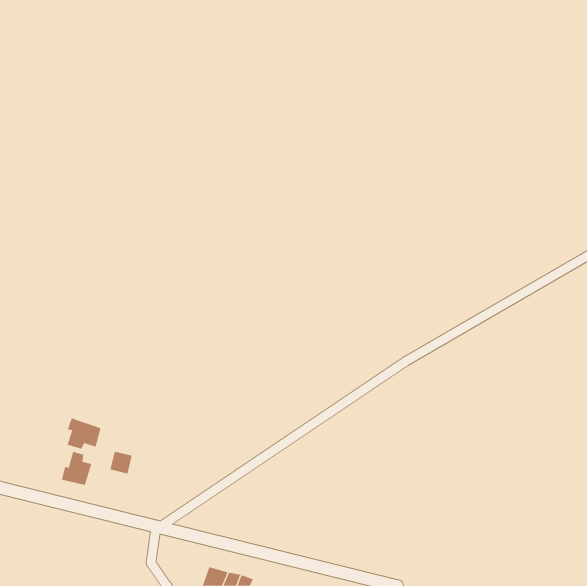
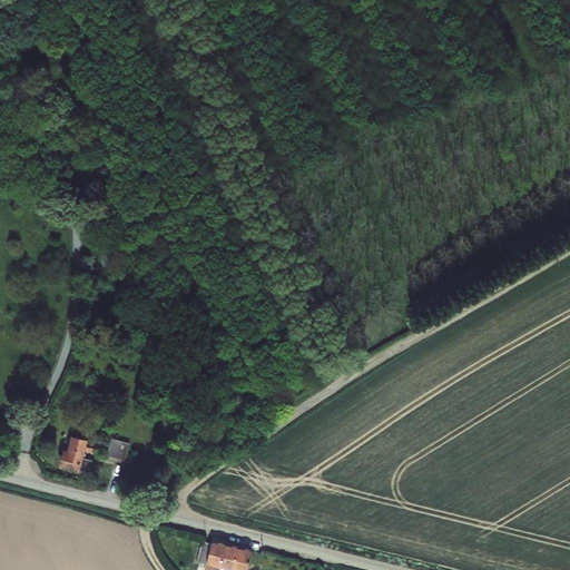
building: [67,418,101,449] -> none

